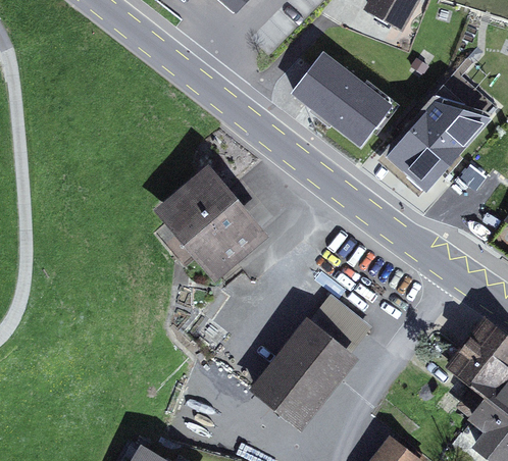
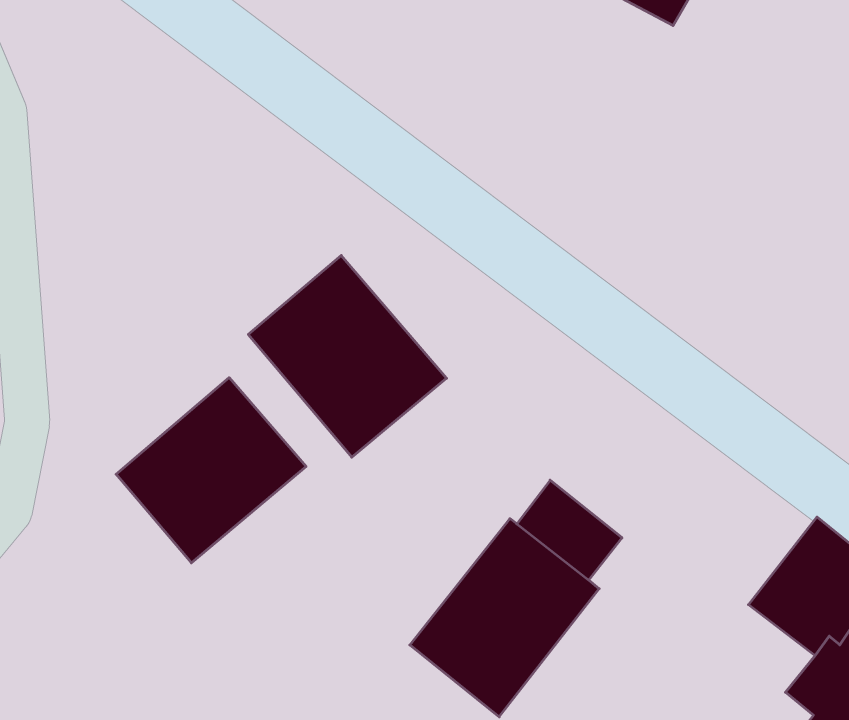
building: [290,51,393,147] -> none
building: [386,99,492,192] -> none
building: none -> [116,378,306,563]

